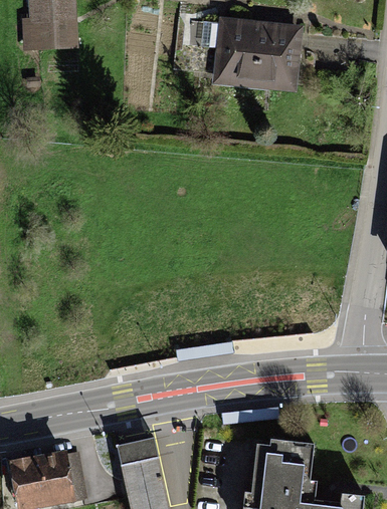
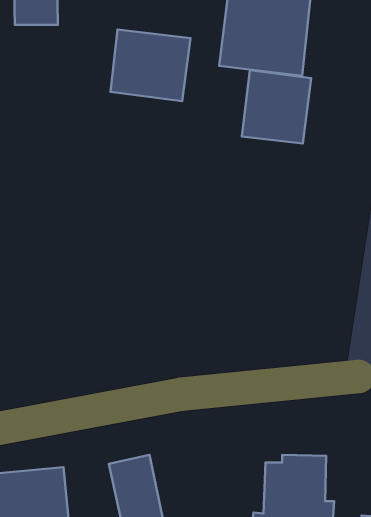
building: none -> [110,29,191,101]
building: none -> [242,70,311,143]

